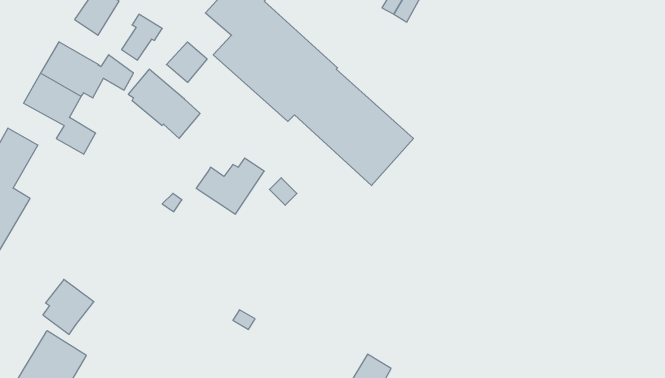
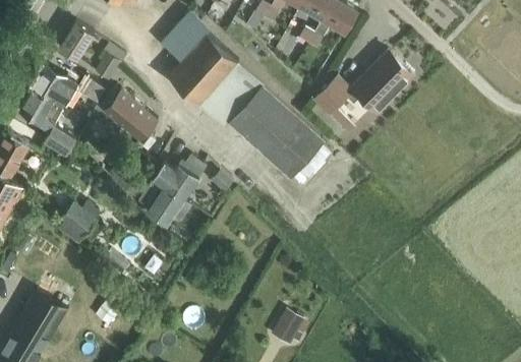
building: none -> [313,51,412,134]
building: [166,42,207,82] -> none
building: none -> [139,179,192,225]
building: [43,279,94,334] -> [58,202,98,245]

